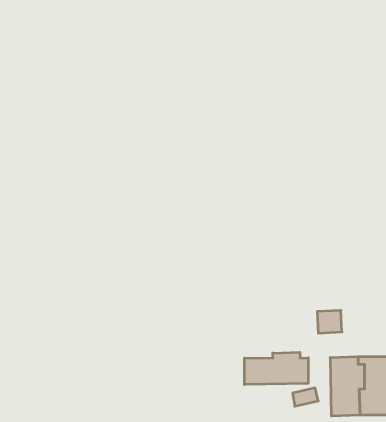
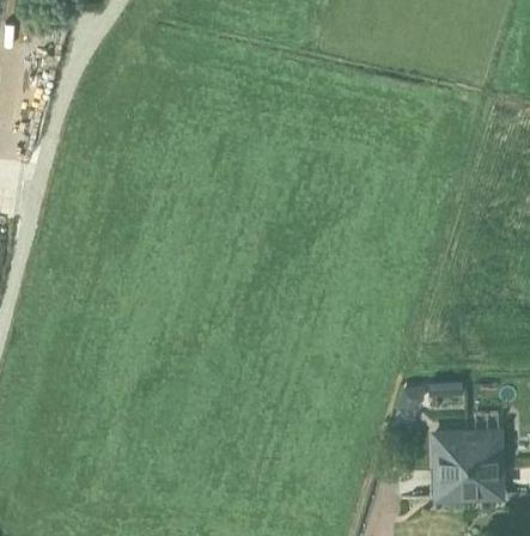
building: [244,352,308,385] -> none

